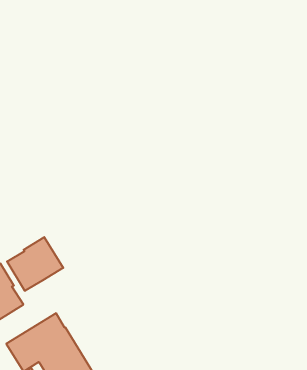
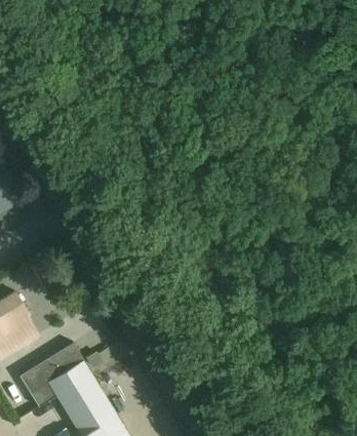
building: [7,237,63,291] -> none

